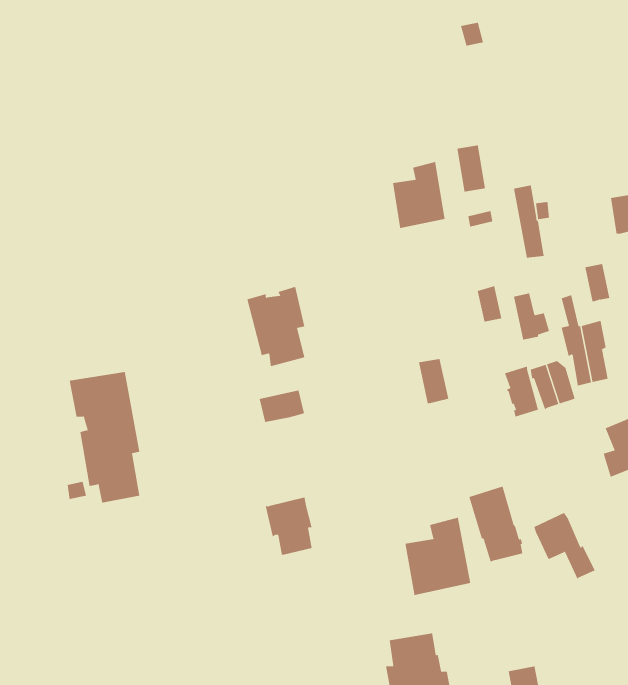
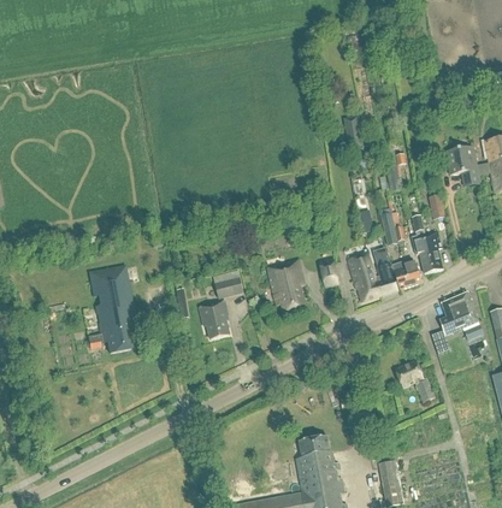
building: [393,161,445,229] -> none
building: [247,286,305,367] -> [266,259,305,312]
building: [468,486,523,563] -> [346,252,382,302]
building: [265,497,312,555] -> [197,300,229,338]
building: [405,517,471,596] -> none

